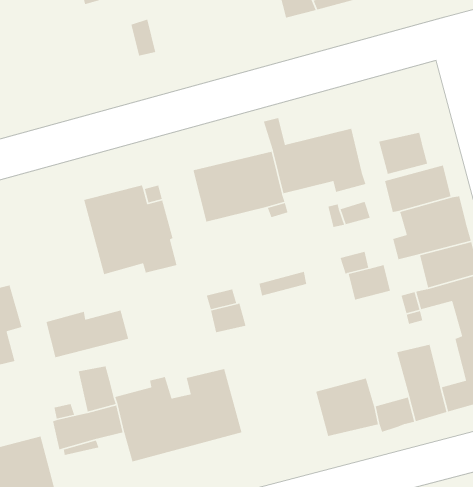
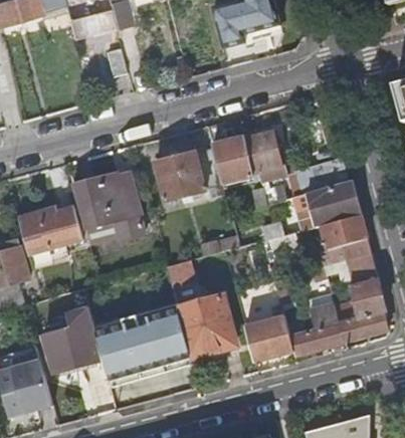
building: [378,132,428,175] -> none
building: [45,310,129,358] -> [21,216,83,252]
building: none -> [177,294,234,357]

